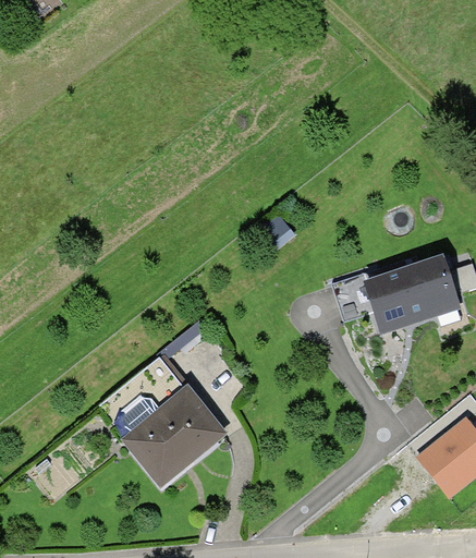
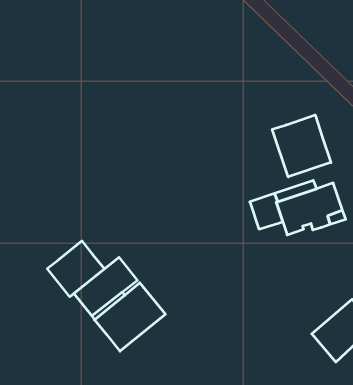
building: none -> [272,115,331,177]
building: none -> [47,241,104,297]

